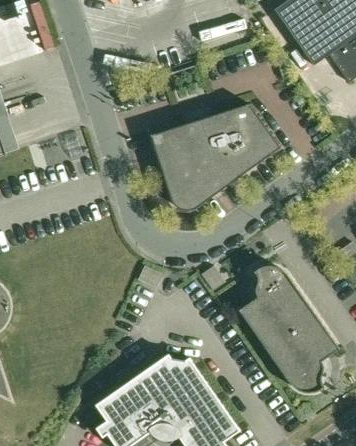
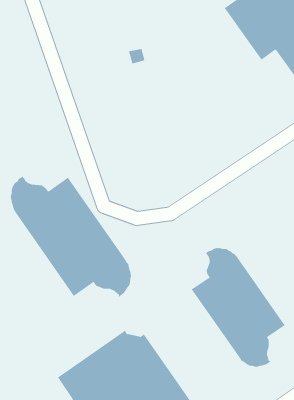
building: [150,103,280,210] -> none
building: none -> [10,176,132,298]

